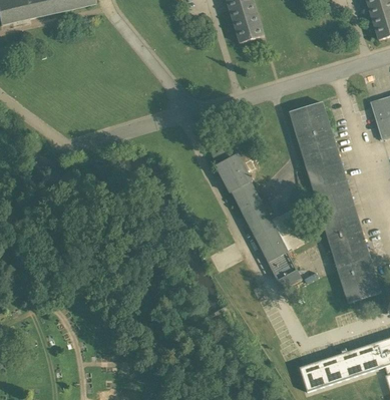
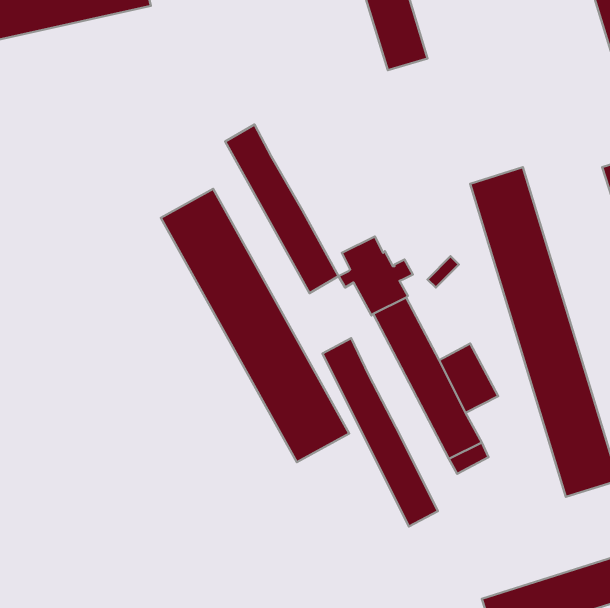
building: none -> [225,124,339,293]
building: none -> [161,189,349,462]
building: none -> [322,338,438,526]

